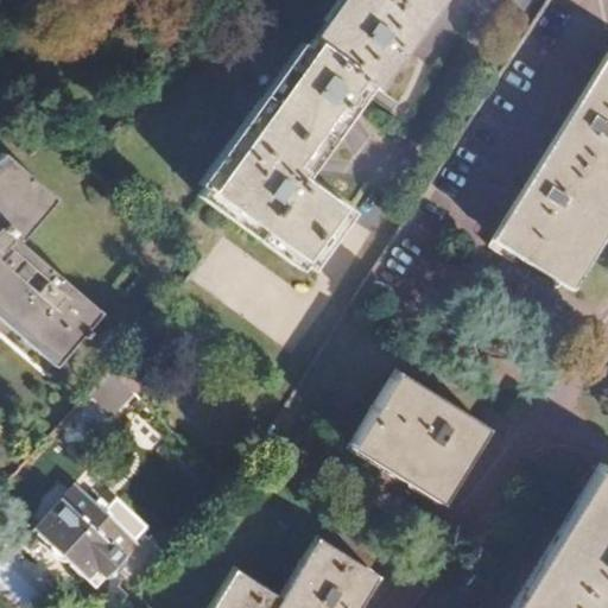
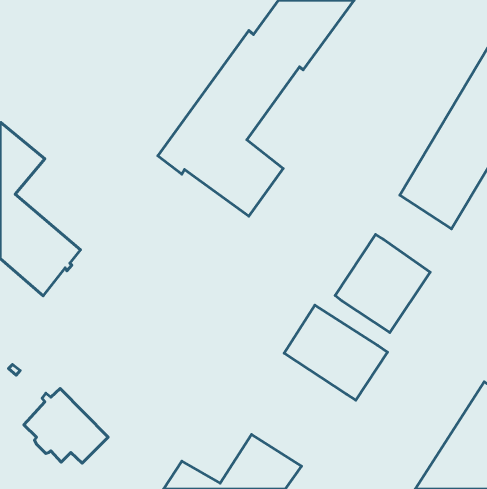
building: none -> [335,235,430,332]

